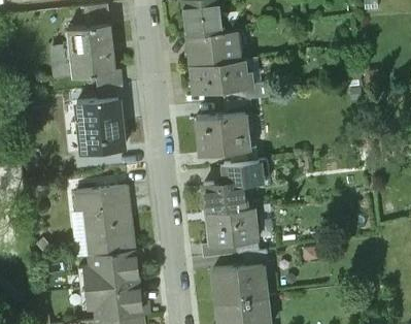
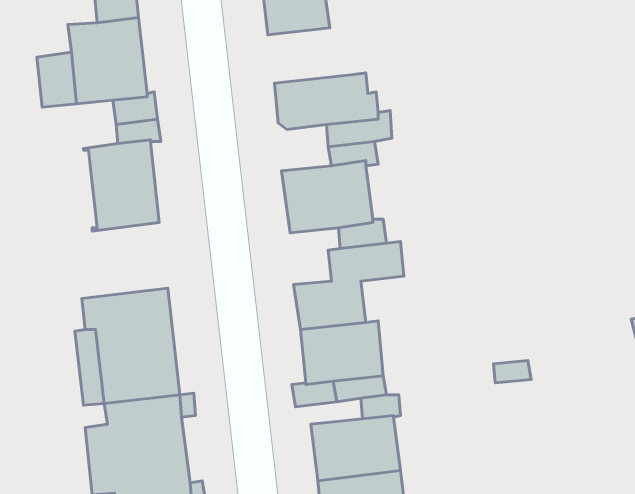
building: [187,30,239,64] -> none

